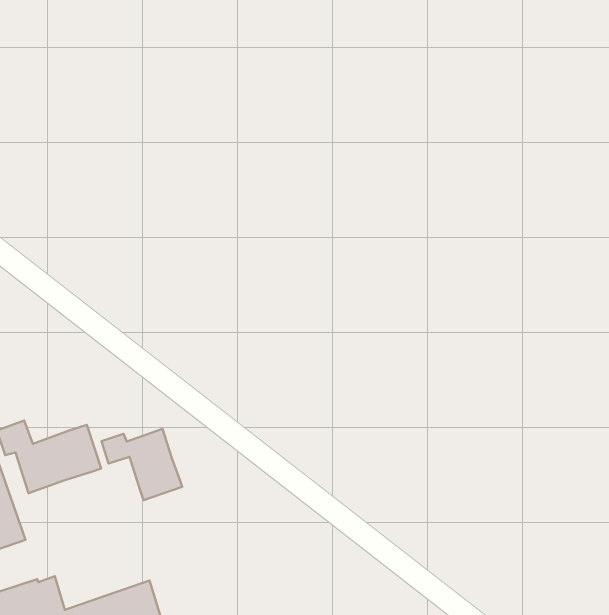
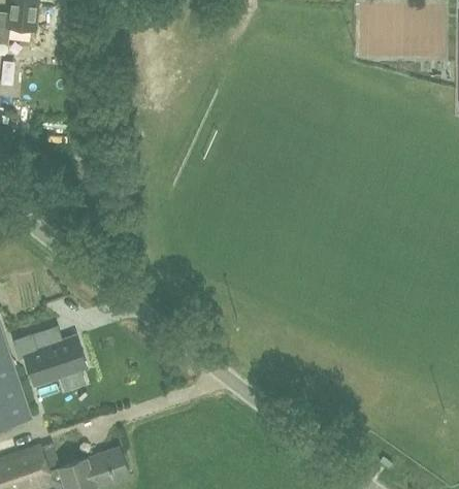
building: [101,429,182,500] -> none

